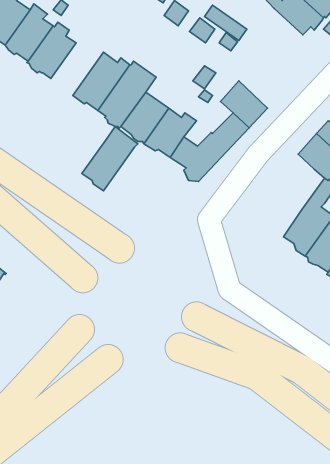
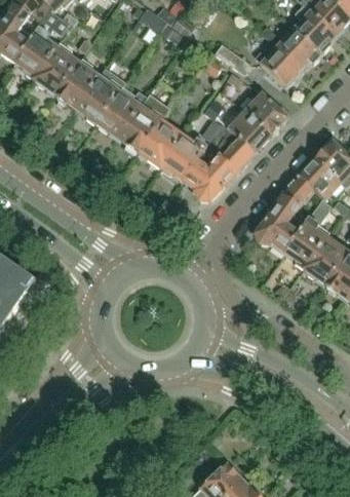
building: none -> [254,46,302,88]
building: none -> [244,93,287,136]
building: [82,127,138,191] -> [76,67,126,124]
building: none -> [256,177,312,251]

